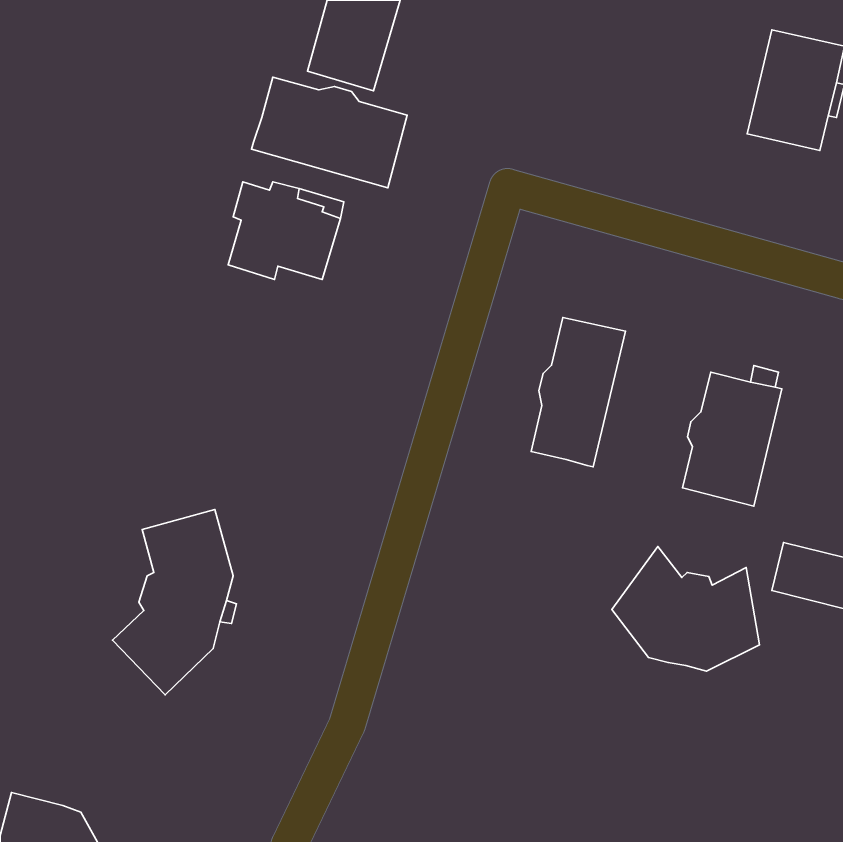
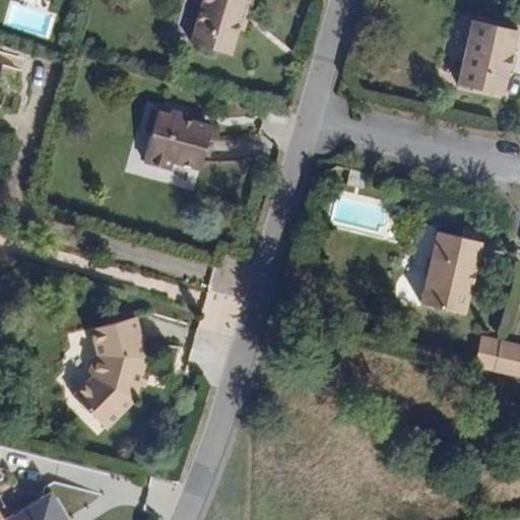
building: [252,77,407,188] -> none
building: [531,317,626,467] -> none
building: [612,546,759,671] -> none

